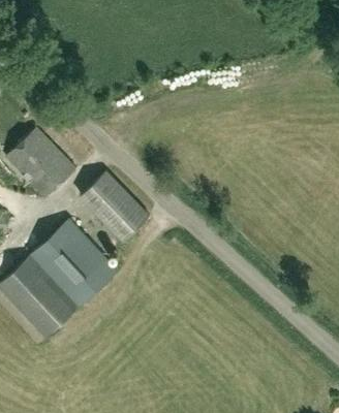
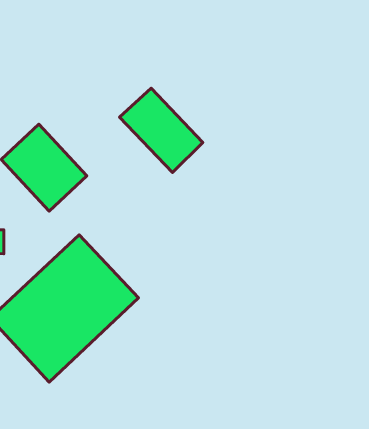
building: [81,171,149,241] -> [120,88,203,173]

